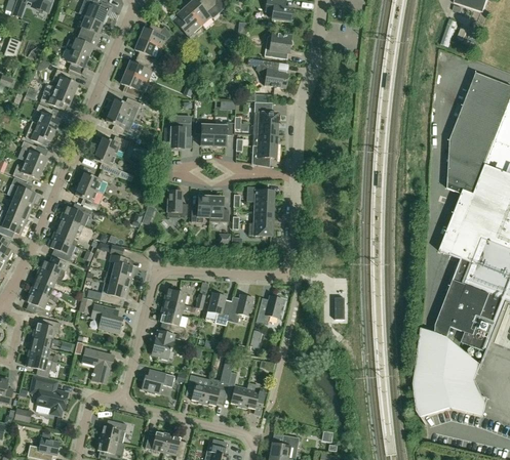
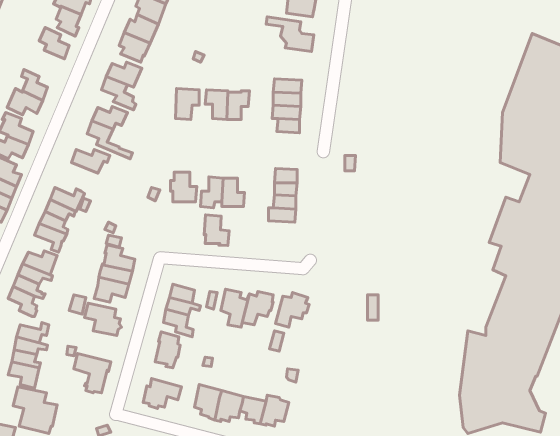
building: [40,83,74,110] -> none
building: [75,182,103,208] -> none
building: none -> [204,215,229,245]

